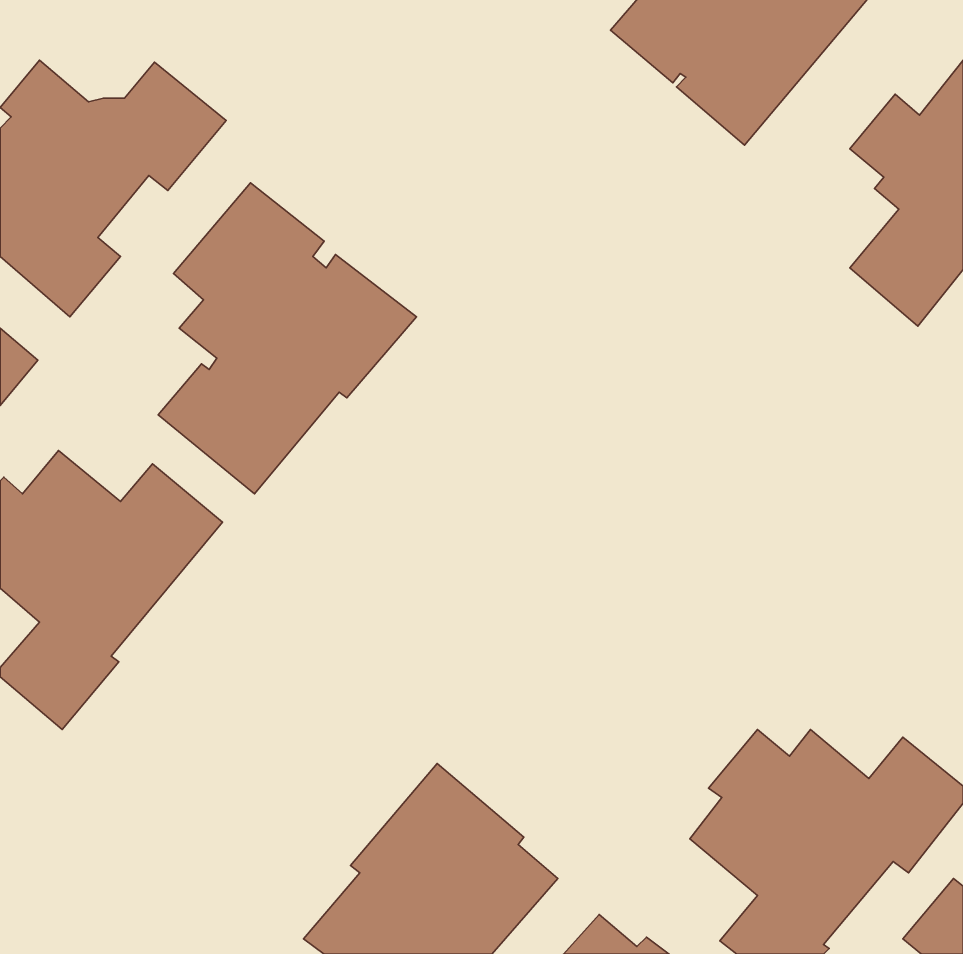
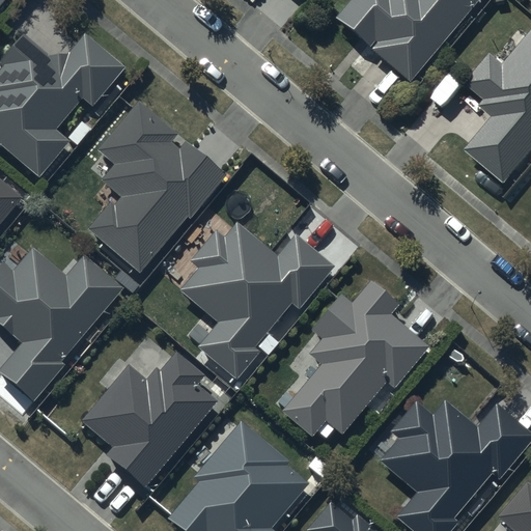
building: none -> [177,223,334,380]
building: none -> [282,282,430,437]
building: none -> [81,352,218,486]

